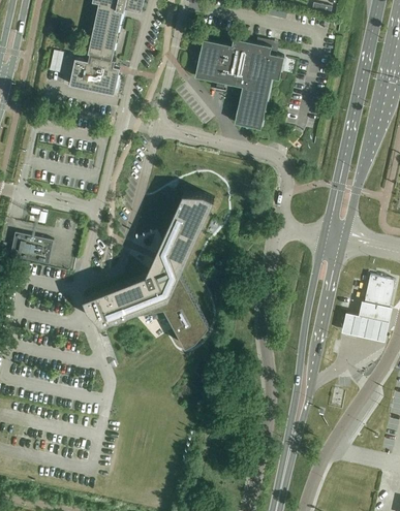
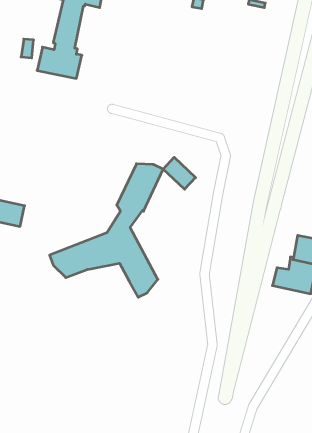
building: [194,38,284,129] -> none
building: none -> [163,157,196,189]

